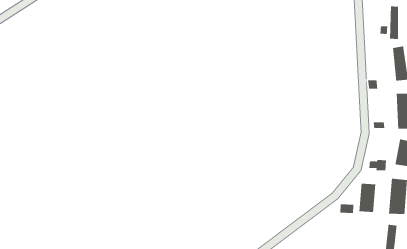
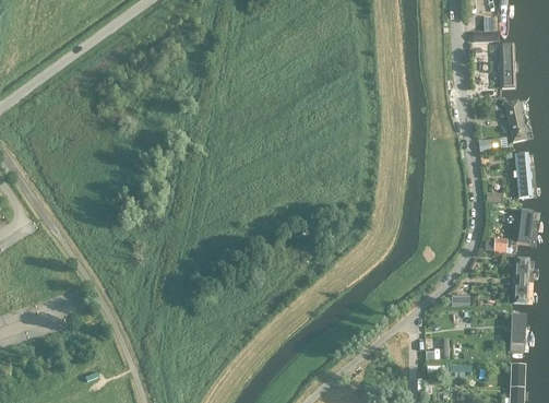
building: [359,183,376,213] -> none

